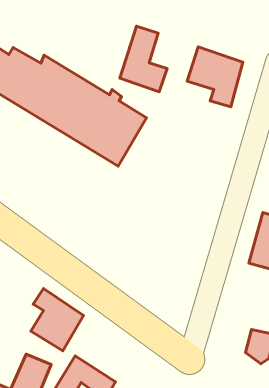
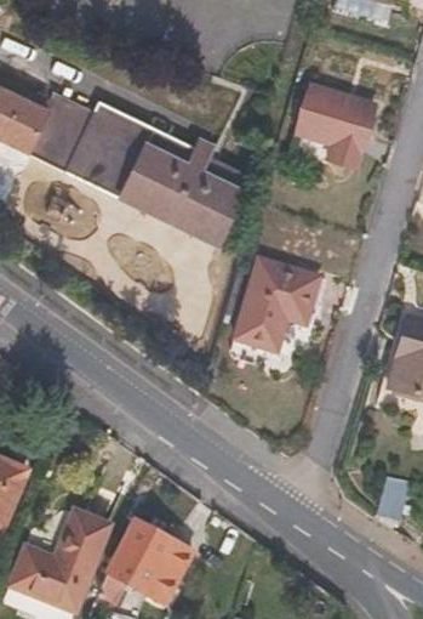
building: [120,26,167,92] -> none
building: none -> [234,255,316,350]
building: [31,288,84,351] -> none

